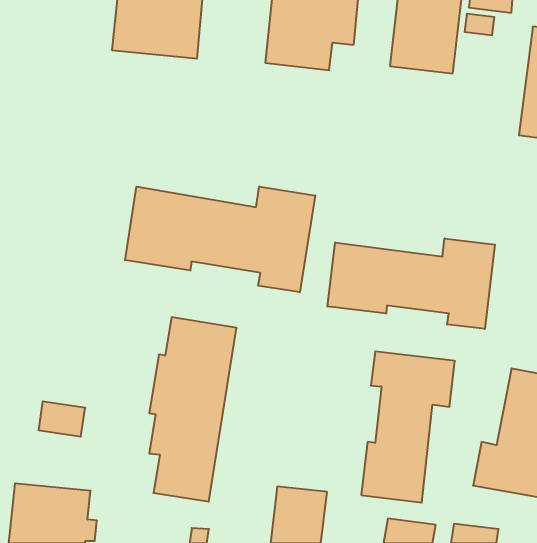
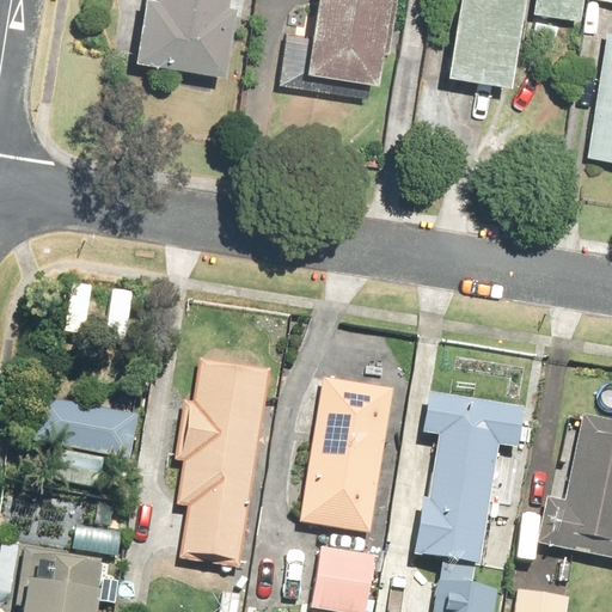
building: [125,186,315,292] -> none
building: [328,238,495,329] -> none
building: none -> [299,378,394,536]
building: none -> [33,399,137,458]

